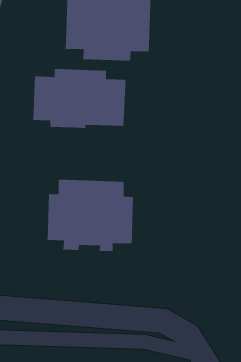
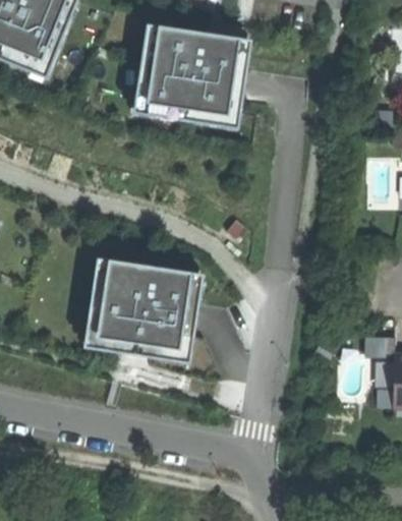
building: [32,68,126,129] -> none

